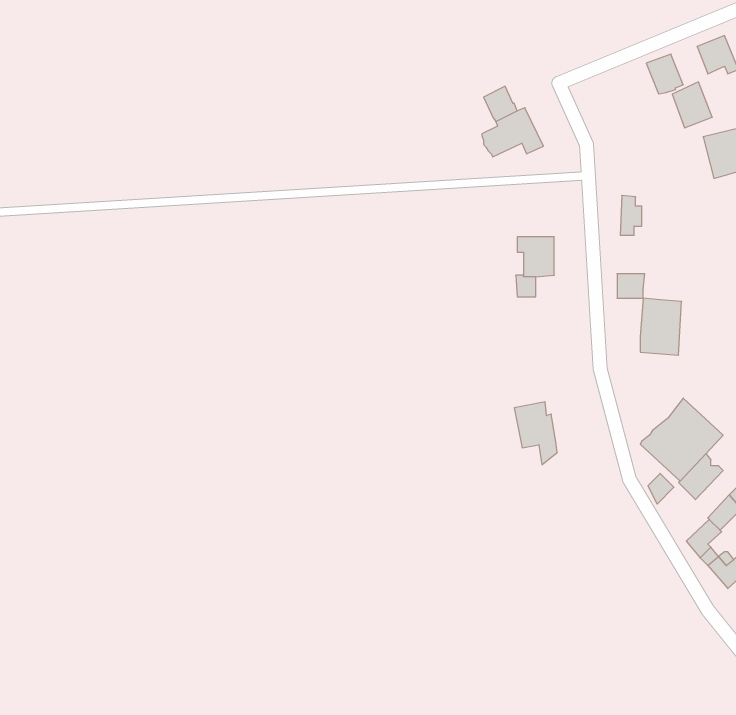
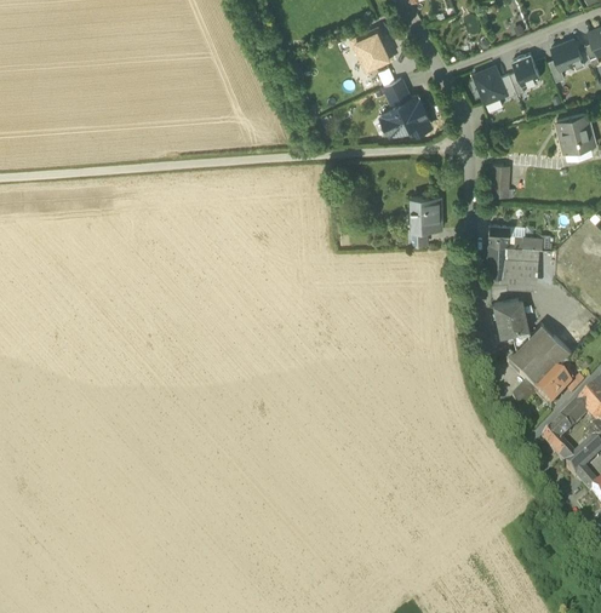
building: none -> [353,28,393,69]
building: [672,82,712,128] -> [475,64,506,101]
building: none -> [487,245,510,275]
building: [514,402,557,465] -> [496,299,530,349]

